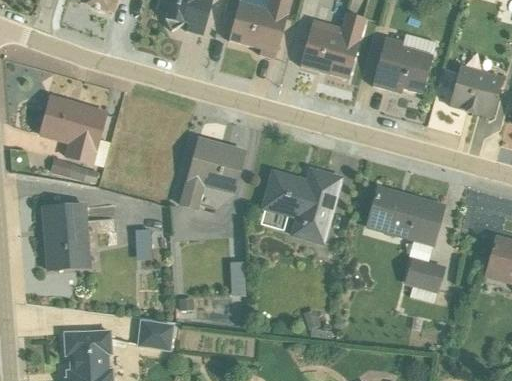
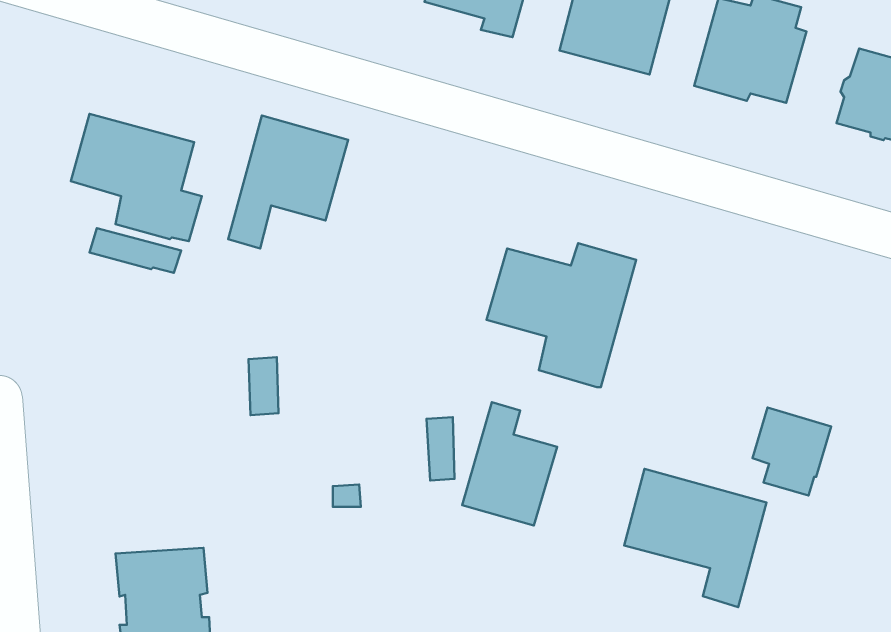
building: [181,137,245,208] -> [228,116,348,248]
building: [367,186,443,260] -> [624,469,766,607]
building: [43,204,91,270] -> none
building: none -> [462,402,557,525]
building: [137,319,174,350] -> none

